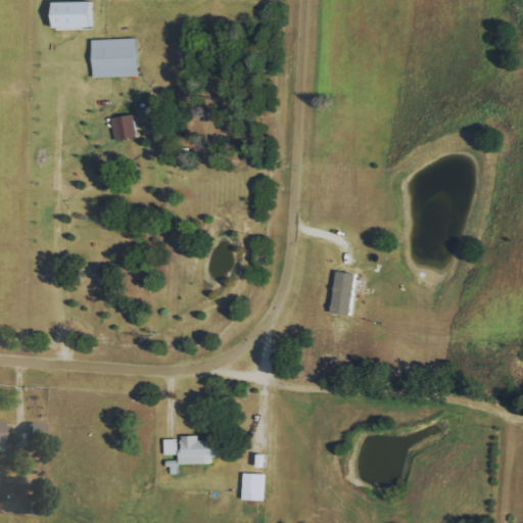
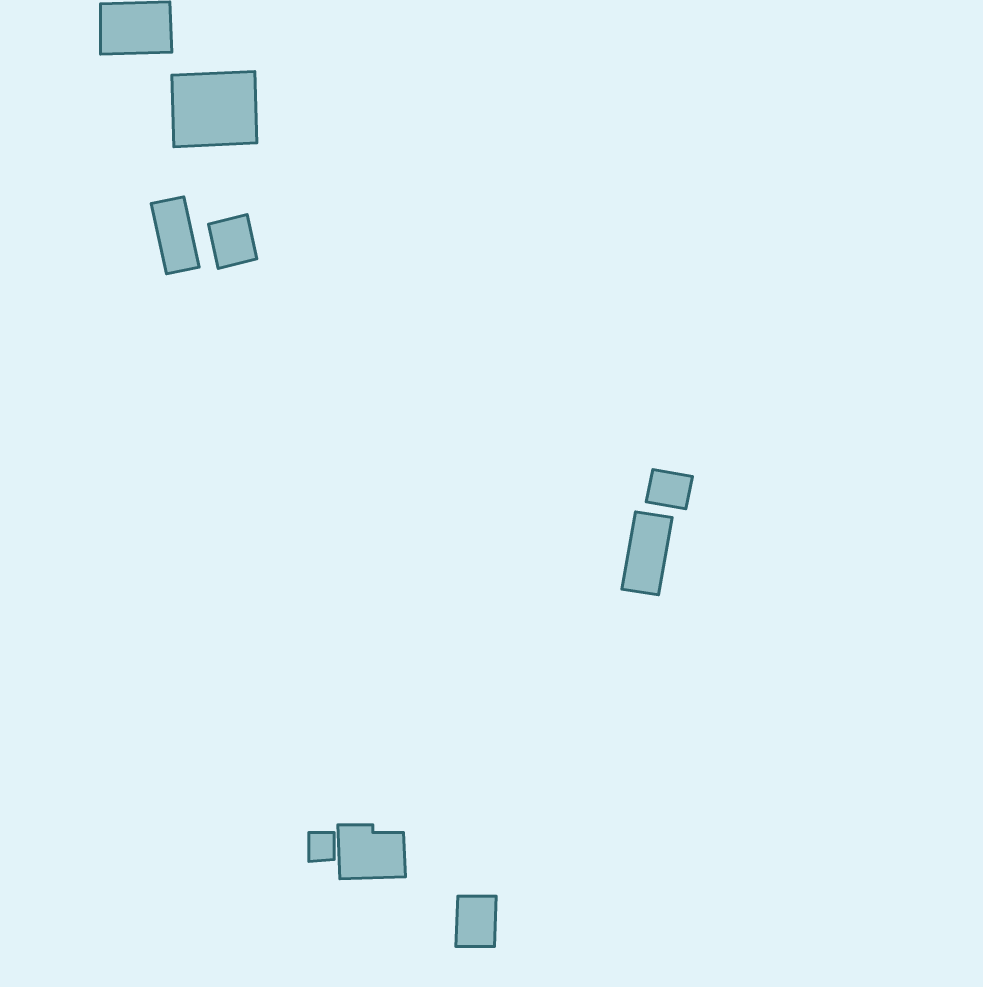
building: none -> [151,197,199,274]
building: none -> [646,470,692,509]

